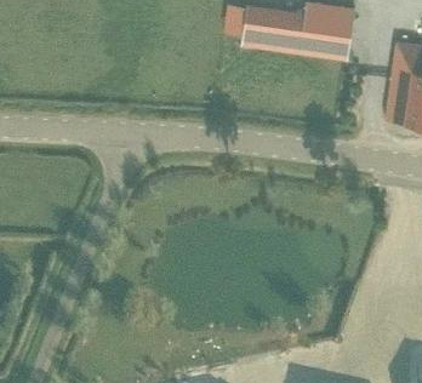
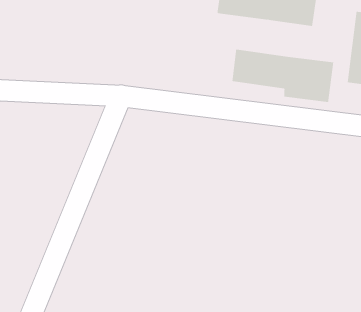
building: none -> [232,49,334,103]

